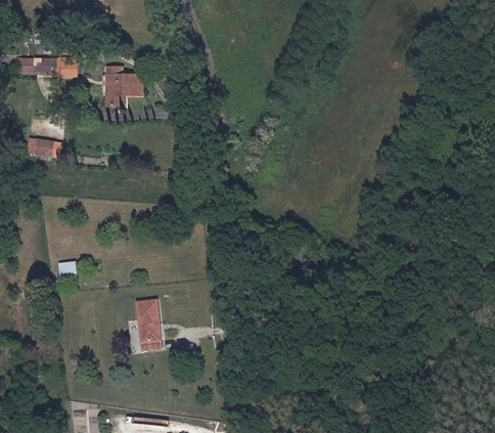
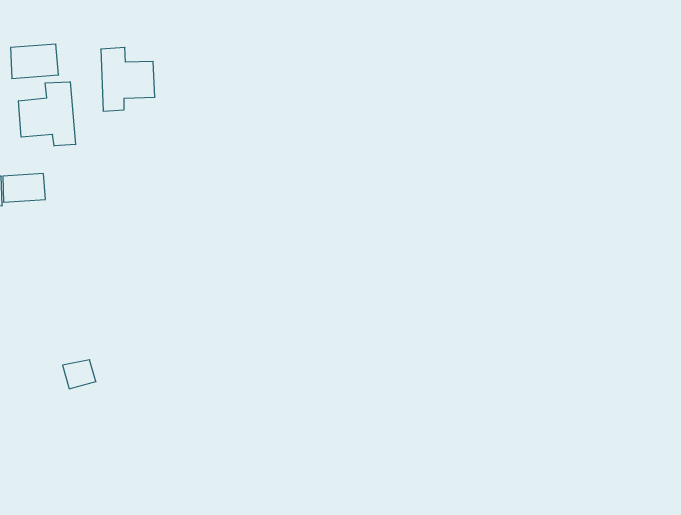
building: none -> [19,82,76,146]
building: [134,301,162,349] -> none

